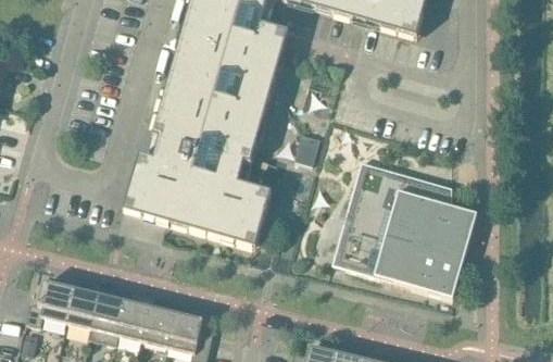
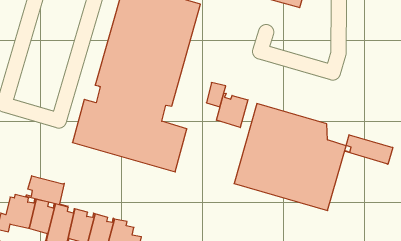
building: none -> [216,93,248,128]
building: none -> [345,135,393,164]
building: none -> [26,176,68,207]

